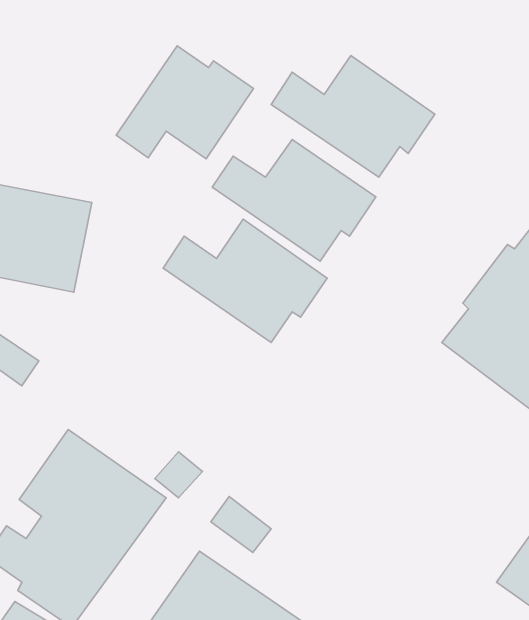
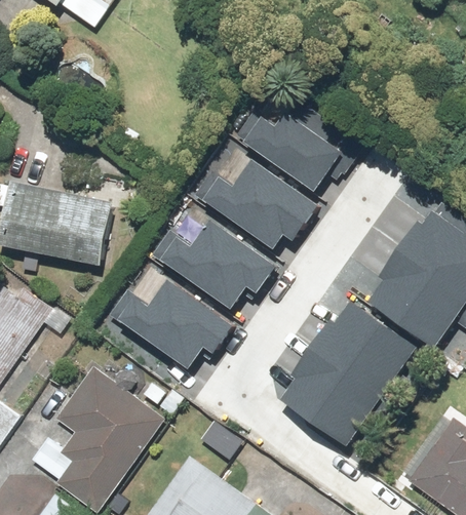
building: [116,46,253,159] -> none
building: none -> [115,276,236,366]
building: none -> [285,308,420,455]

